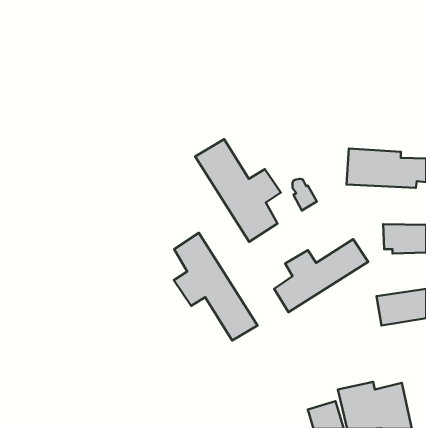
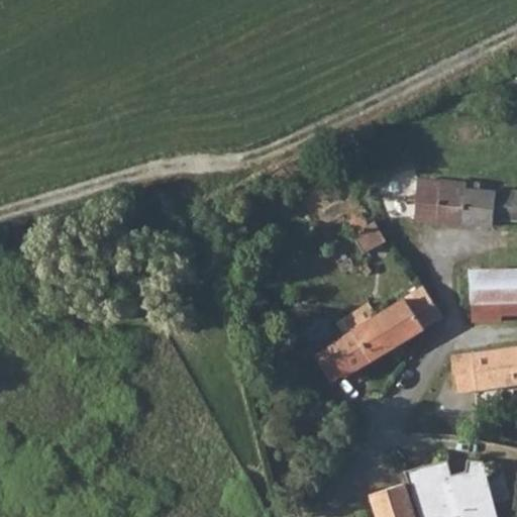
building: [195,139,281,242] -> none
building: [174,233,257,340] -> none

